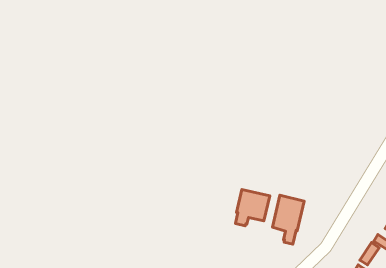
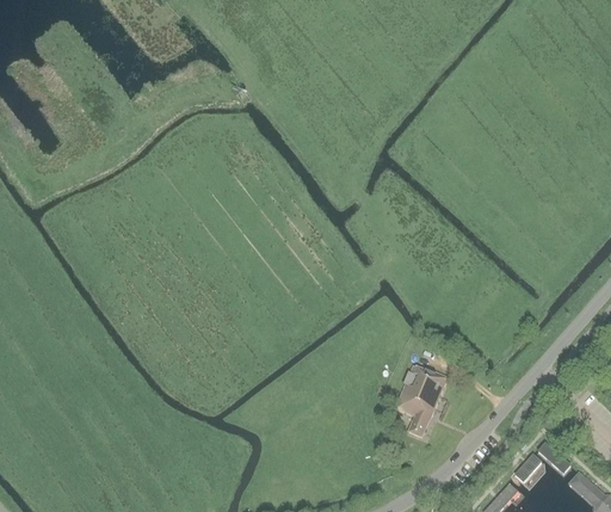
building: [235,189,270,226] -> none

